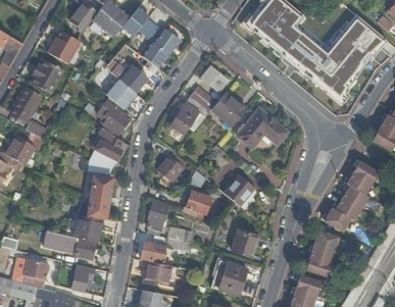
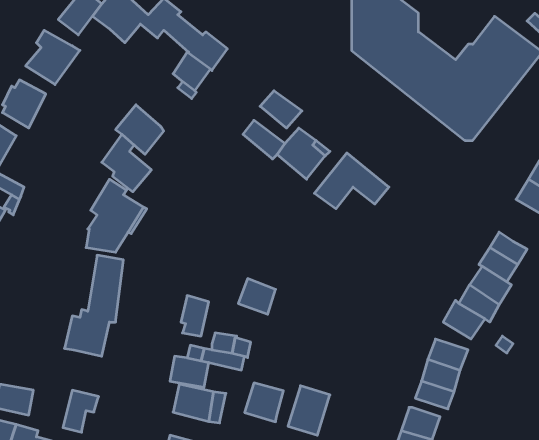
building: [111,63,146,90] -> none
building: [169,95,207,133] -> none
building: [157,150,186,181] -> none
building: [221,172,253,204] -> none
building: [231,228,256,254] -> [245,383,283,422]
building: [49,231,93,257] -> none

